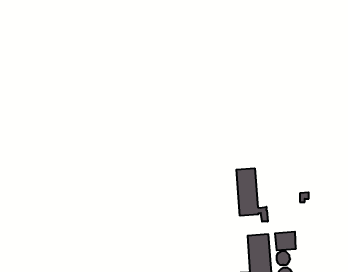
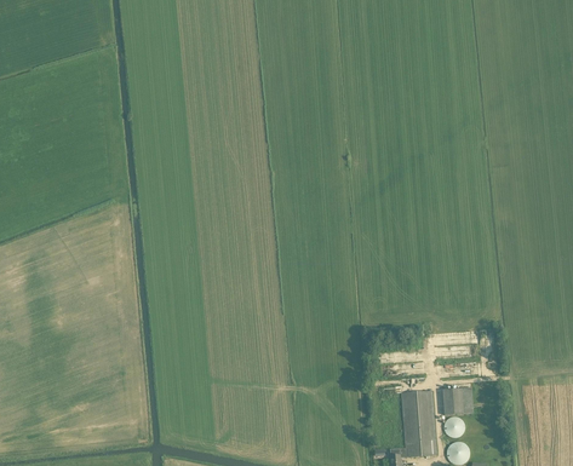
building: [236,168,268,222] -> none

